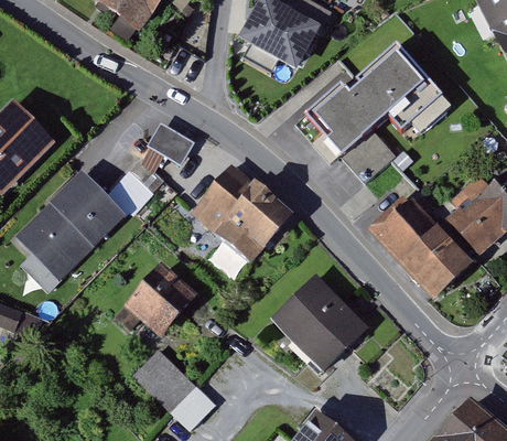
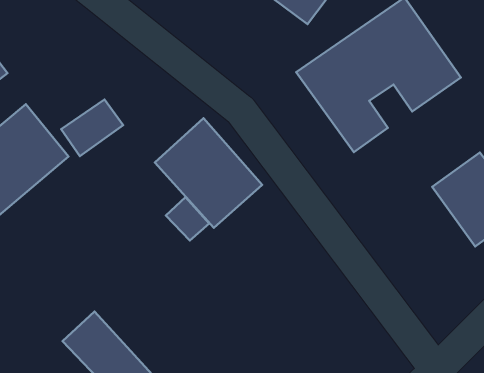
building: [143,119,188,160] -> none
building: [371,196,471,297] -> none
building: [127,266,195,334] -> none
building: [273,275,365,366] -> none

